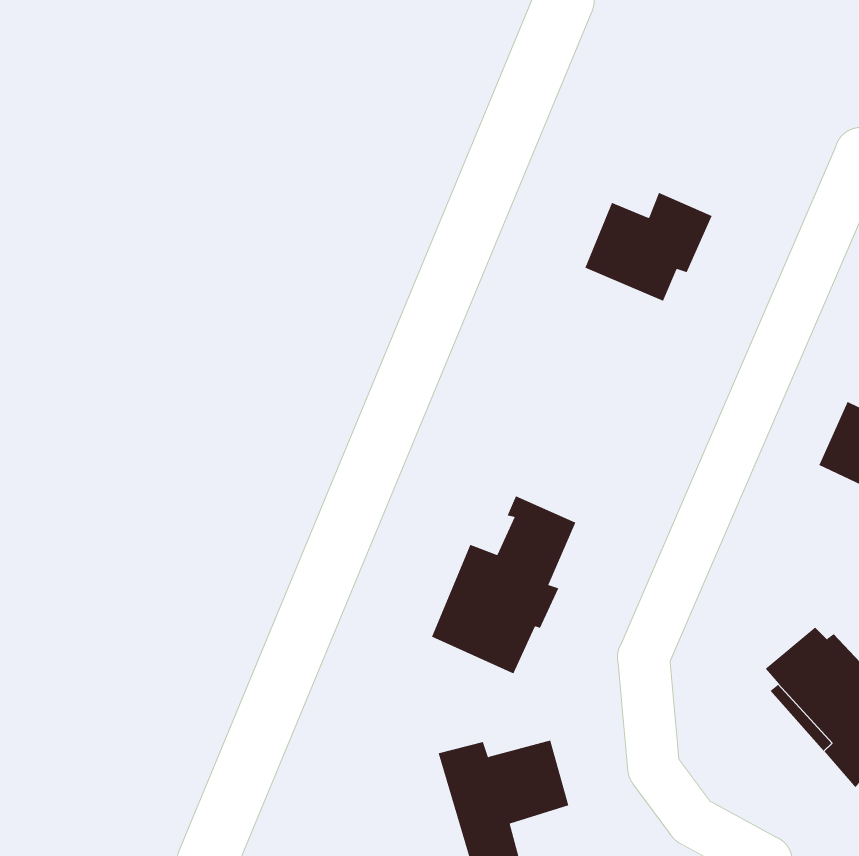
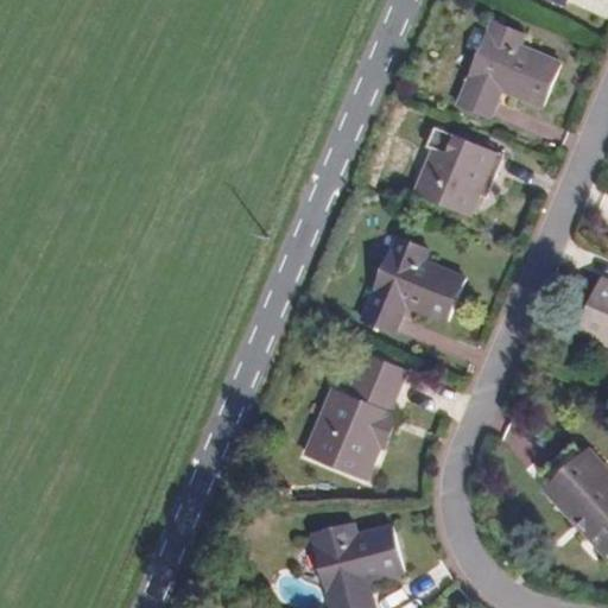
building: none -> [458,18,560,112]
building: none -> [361,236,468,334]

